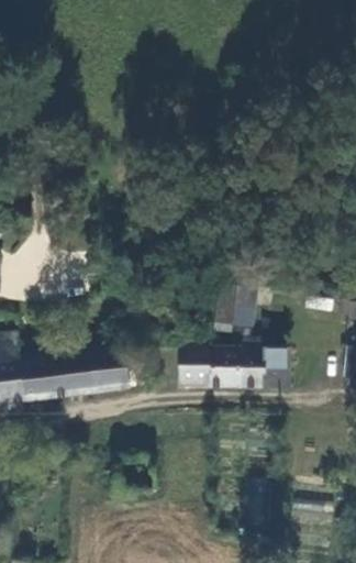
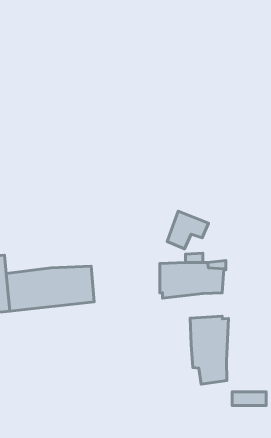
building: [177,347,204,385] -> none
building: none -> [190,316,228,384]

